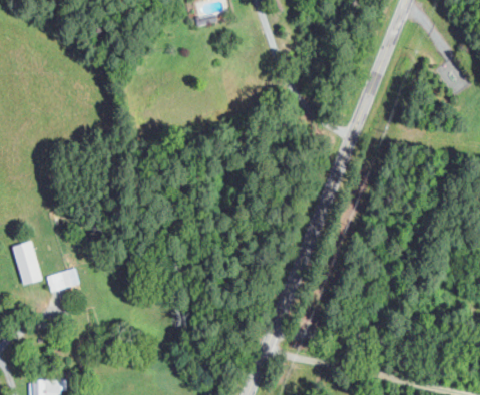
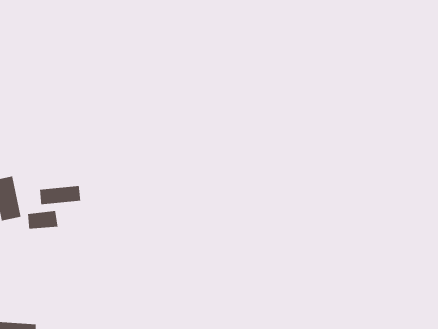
building: none -> [39,185,81,205]

